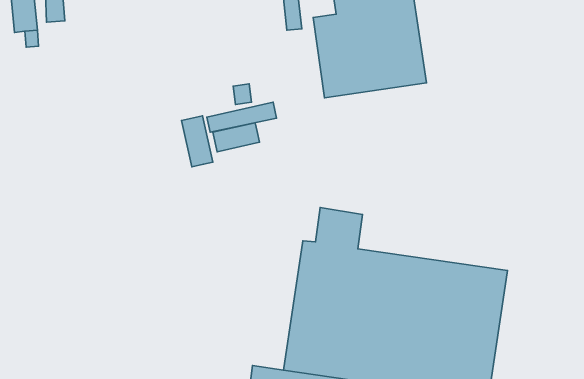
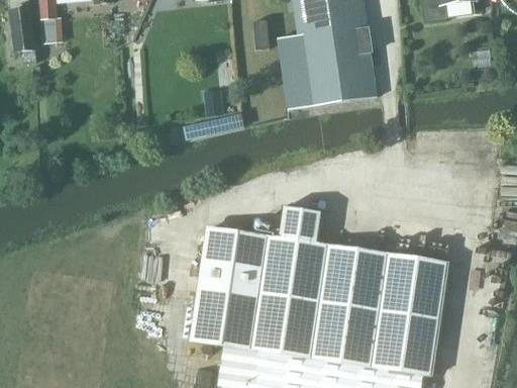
building: [182,116,213,167] -> none
building: [213,123,260,152] -> none
building: none -> [190,226,268,350]

